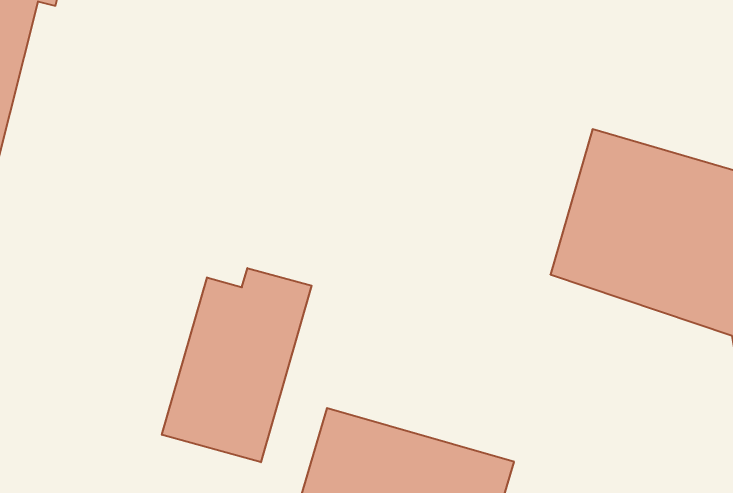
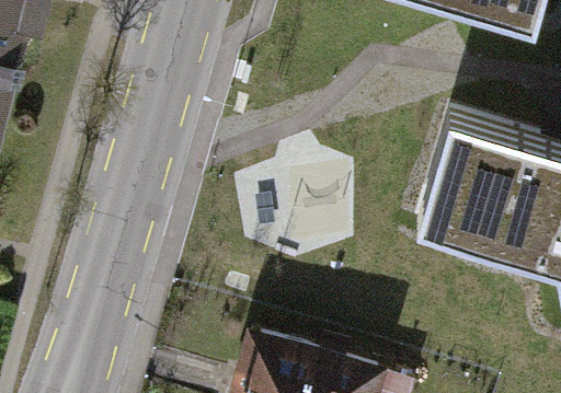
building: [162,268,312,462] -> none

